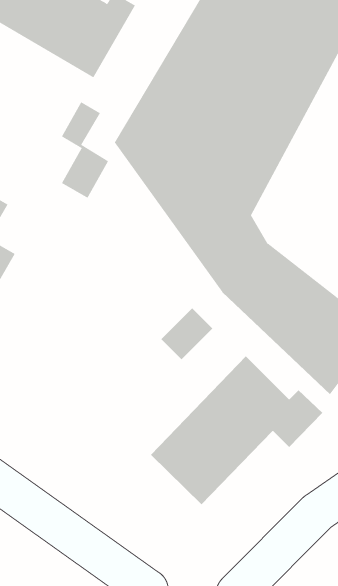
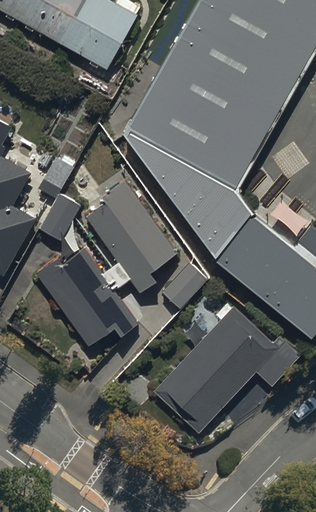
building: [61,101,109,199] -> [39,158,80,241]
building: none -> [38,180,180,346]

